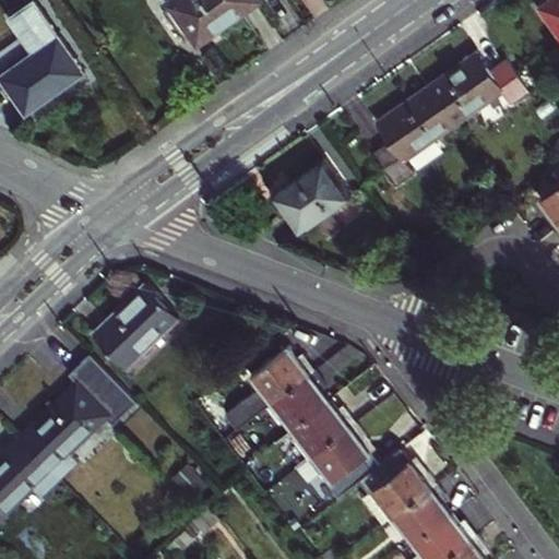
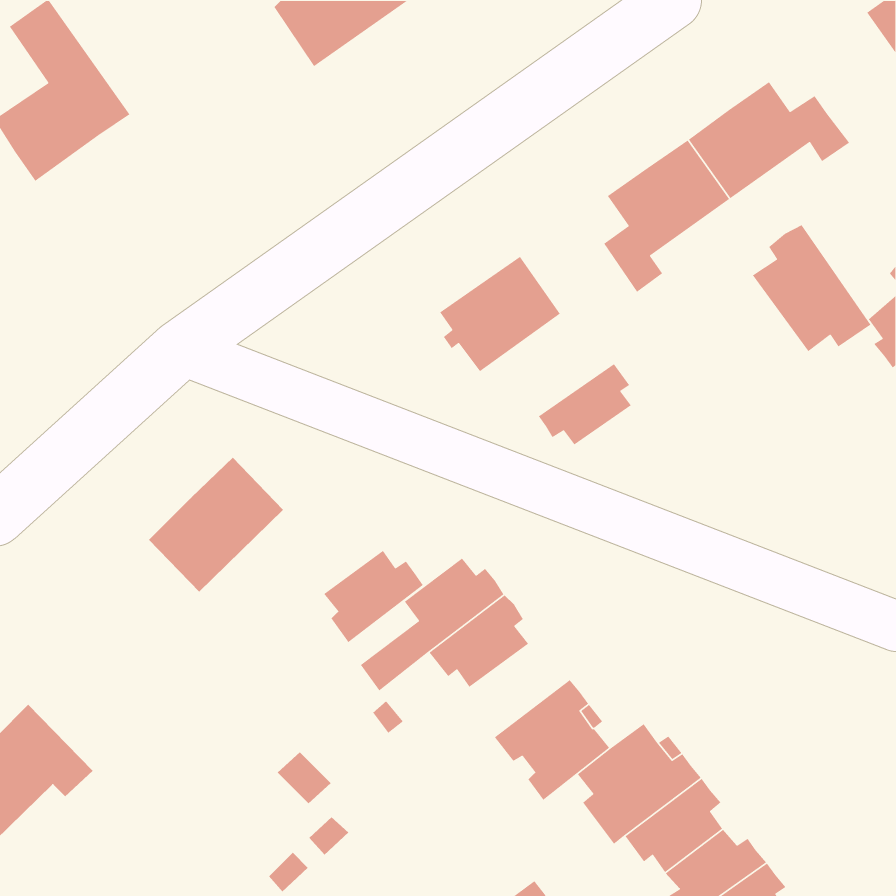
building: none -> [752,224,872,352]
building: none -> [538,363,632,445]
building: [17,356,135,480] -> none
building: [290,402,353,460] -> [323,550,424,643]

